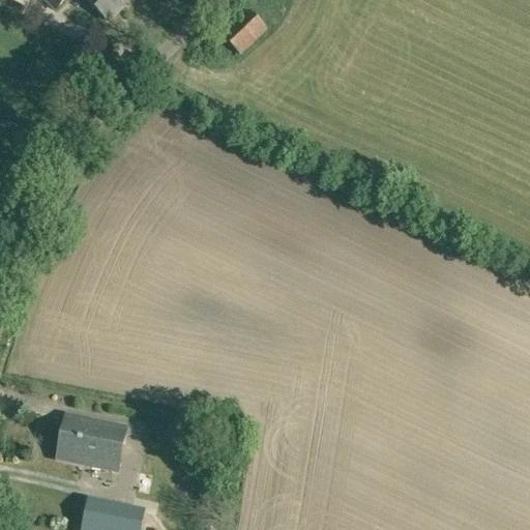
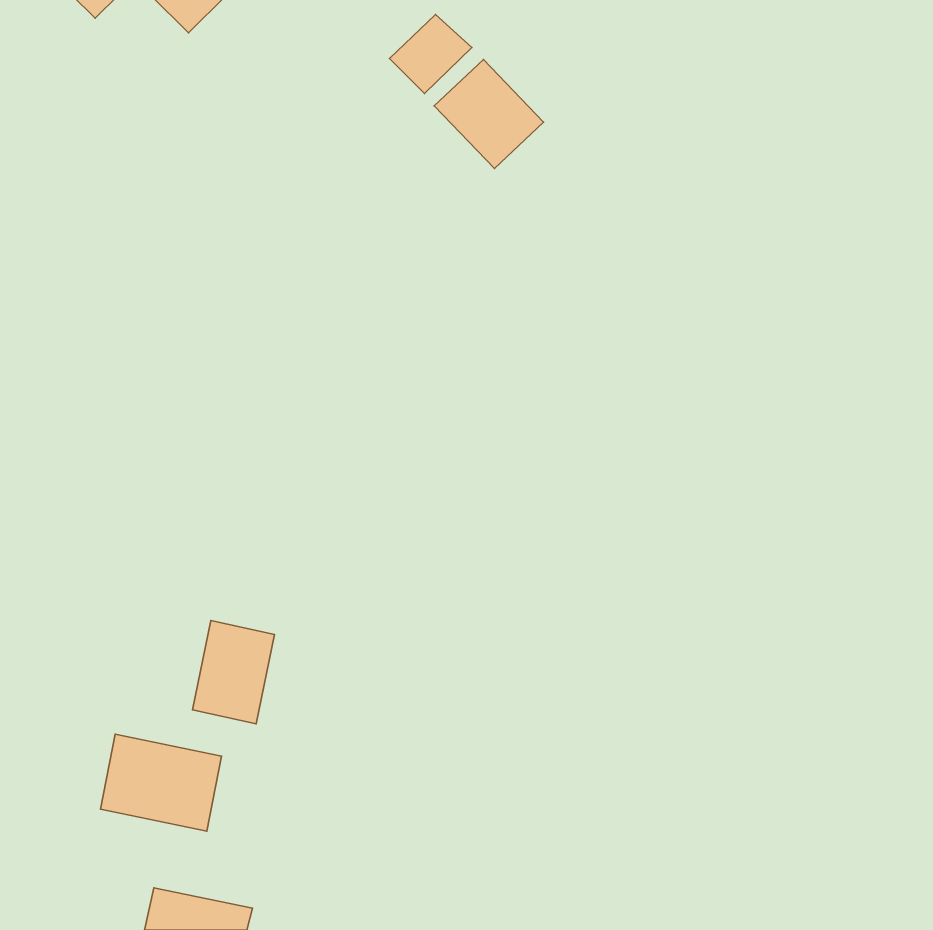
building: none -> [434,60,544,168]
building: none -> [192,621,275,724]

